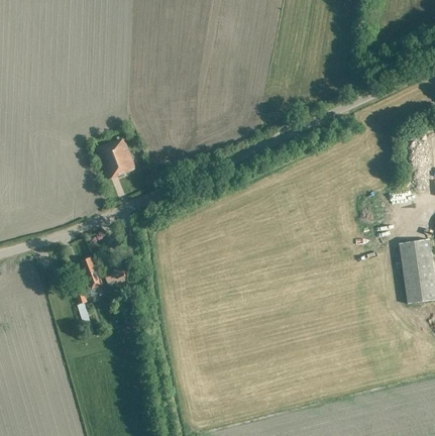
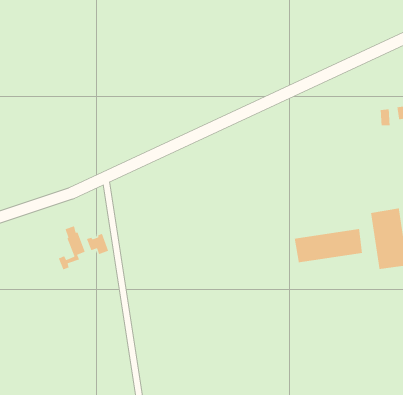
building: [97,137,136,179] -> none
building: none -> [294,228,363,263]

